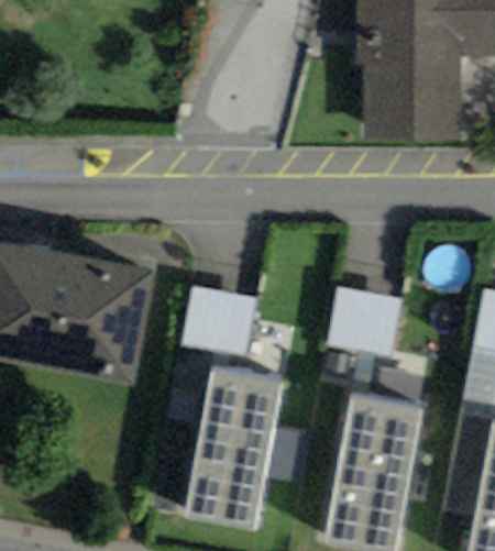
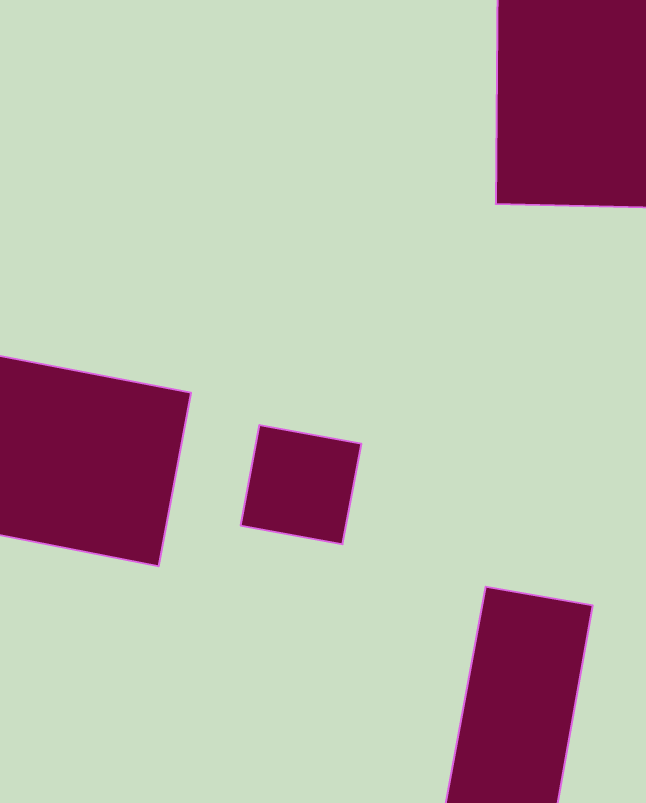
building: [333,286,409,356] -> none
building: [180,364,277,525] -> none

